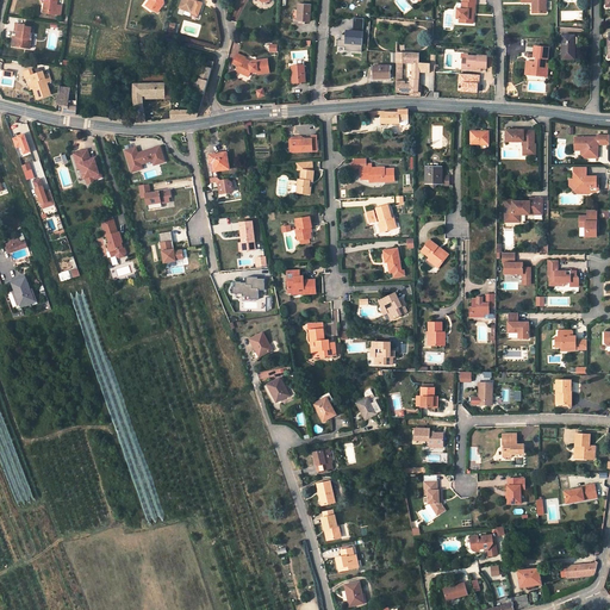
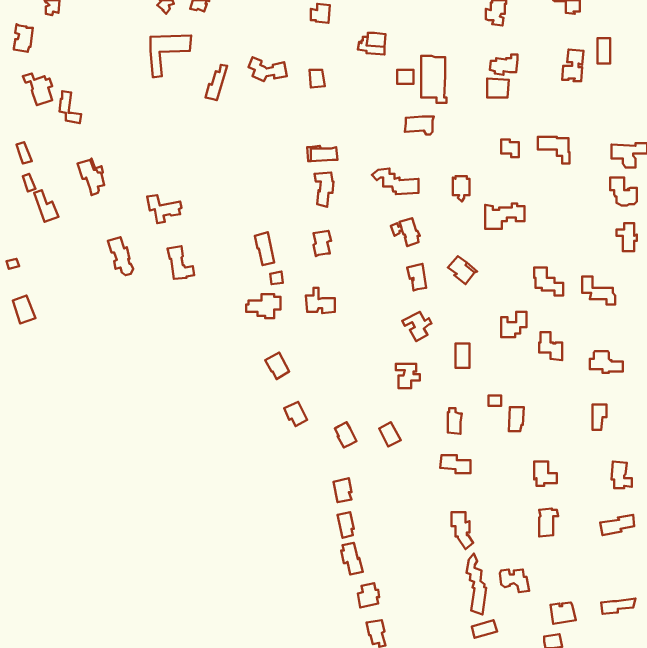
building: [133,83,172,123] -> [150,35,191,77]
building: [124,145,164,172] -> none
building: [207,152,231,194] -> none
building: [504,197,541,220] -> [485,204,525,229]
building: [307,324,335,357] -> none
building: none -> [466,554,486,615]

